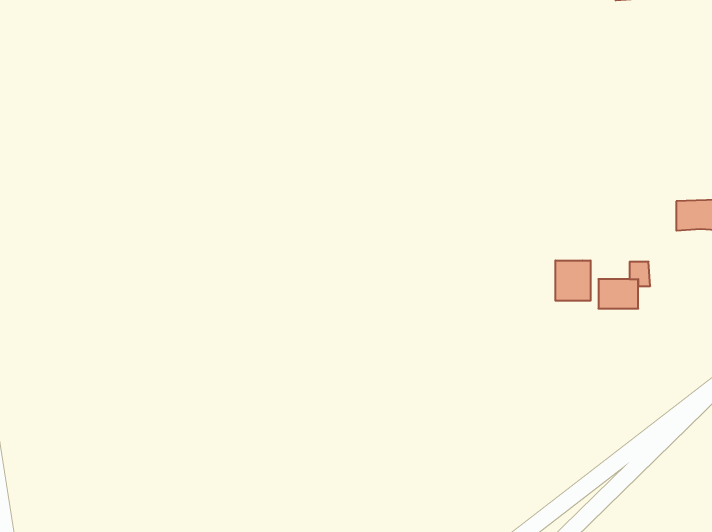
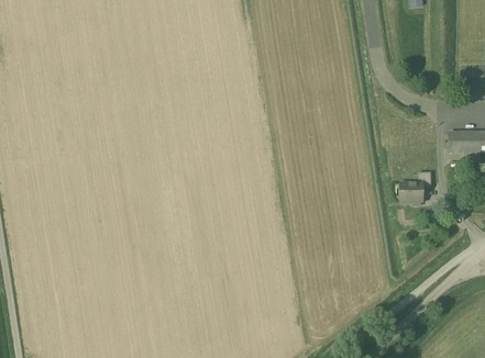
building: [555,260,591,301] -> none

